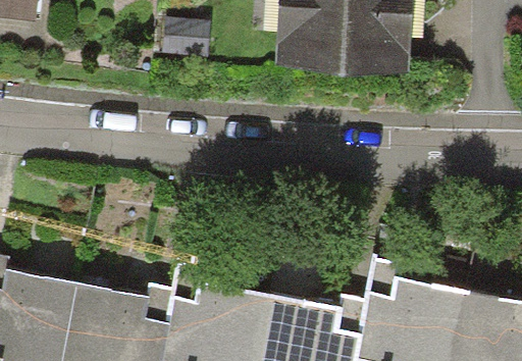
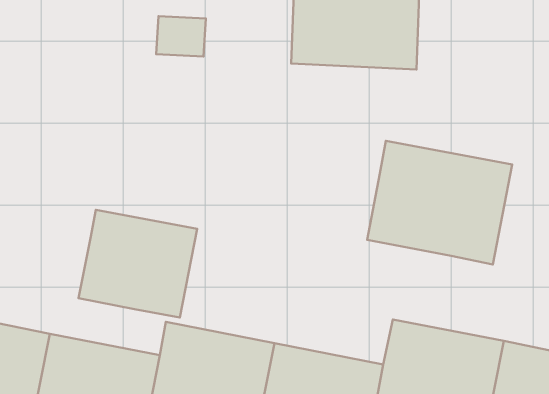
building: none -> [367,141,512,264]
building: none -> [78,210,197,317]

